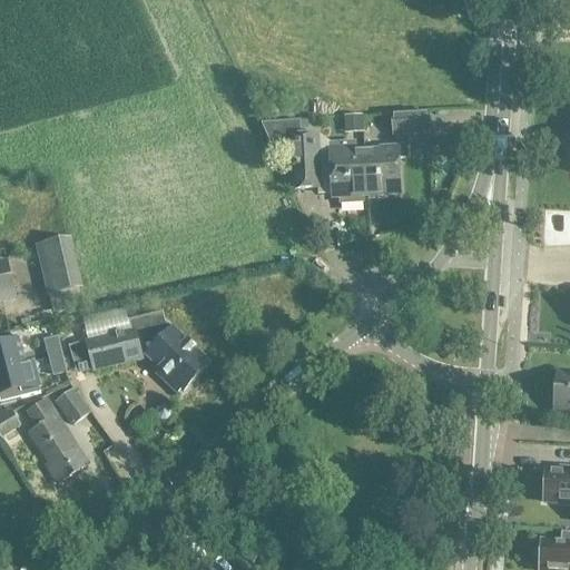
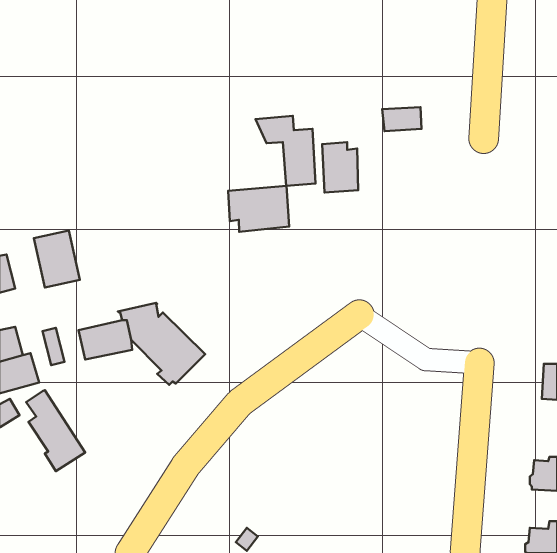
building: [364,144,400,194] -> none
building: none -> [228,186,289,232]
building: [55,386,90,424] -> none

